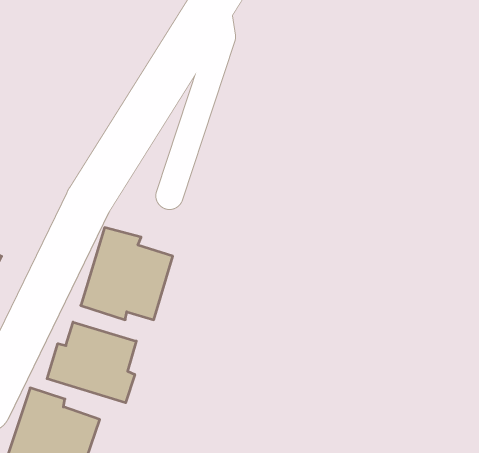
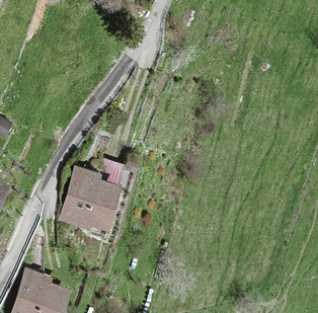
building: [47,322,136,403] -> none

